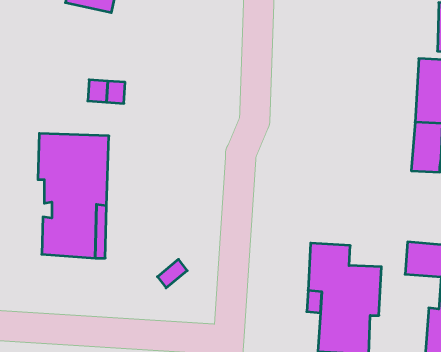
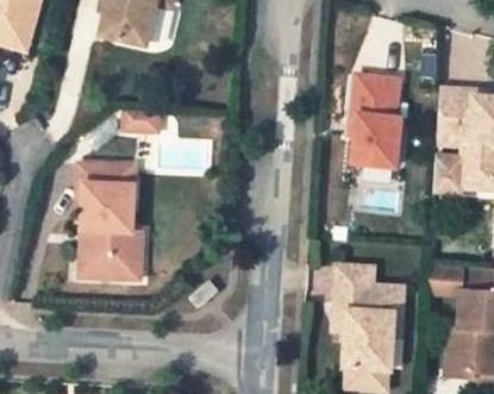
building: none -> [351,75,400,167]

